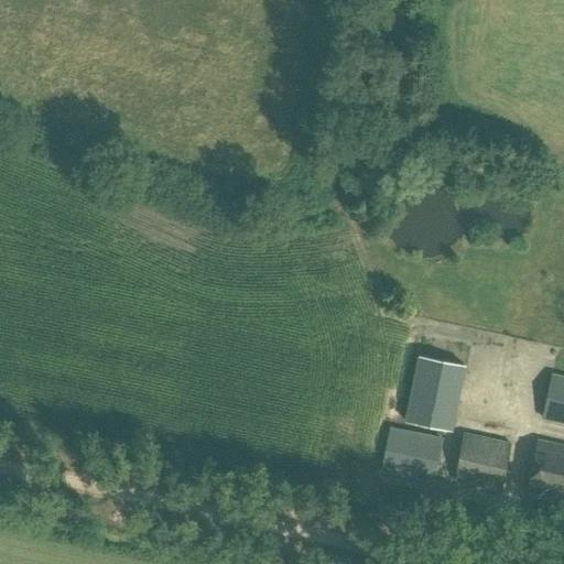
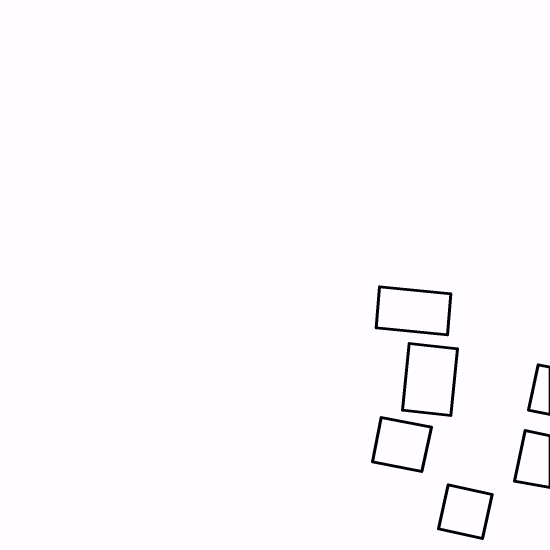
building: none -> [376,287,451,335]
building: [455,435,510,490] -> [438,485,492,539]

